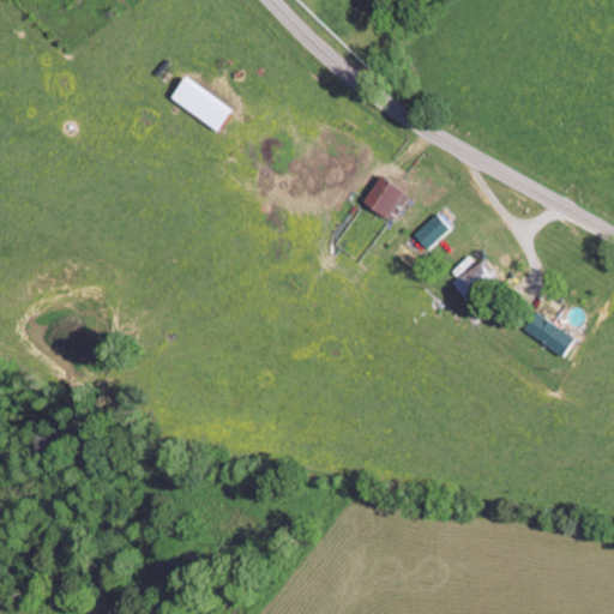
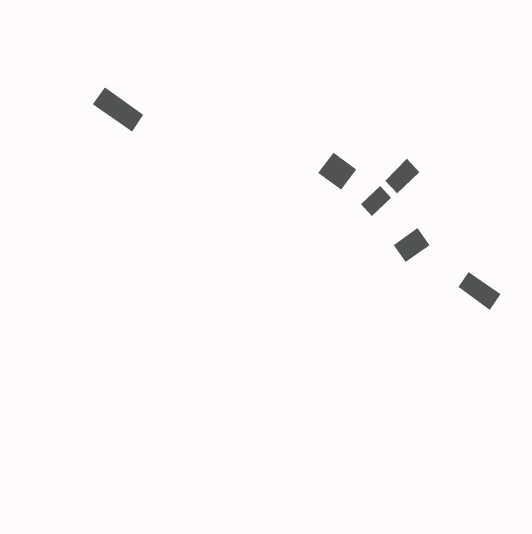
building: [170,77,230,130] -> [92,87,144,133]
building: none -> [385,158,420,194]

